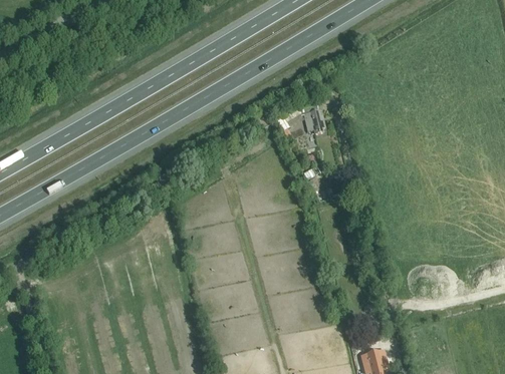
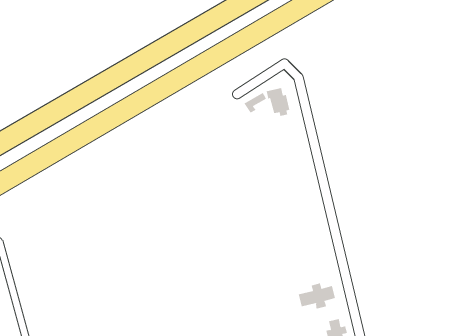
building: none -> [298,283,336,310]

